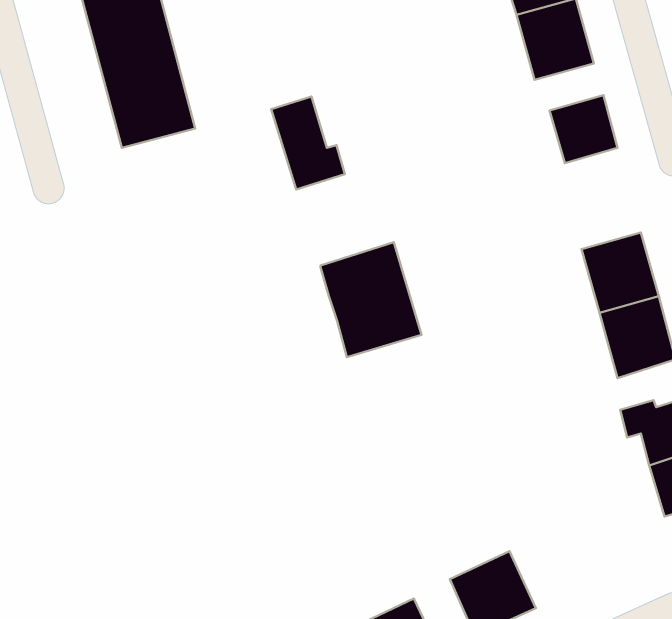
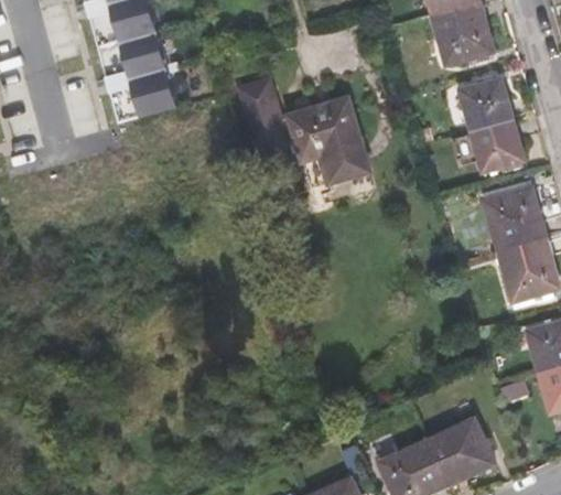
building: none -> [471,119,524,172]
building: [320,242,422,357] -> [289,97,369,189]
building: none -> [427,418,496,485]

